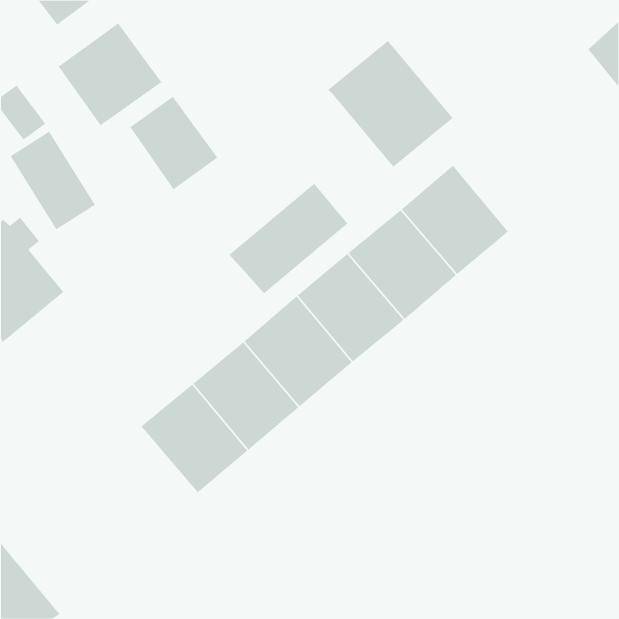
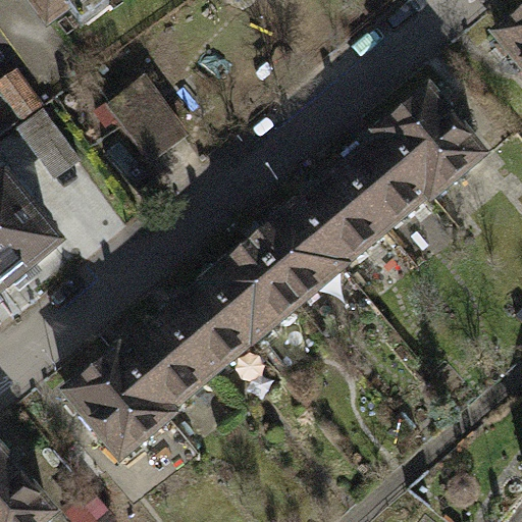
building: [58,22,162,126] -> none
building: [328,40,454,167] -> [378,94,484,201]
building: [229,183,348,294] -> none
building: none -> [66,354,168,459]

